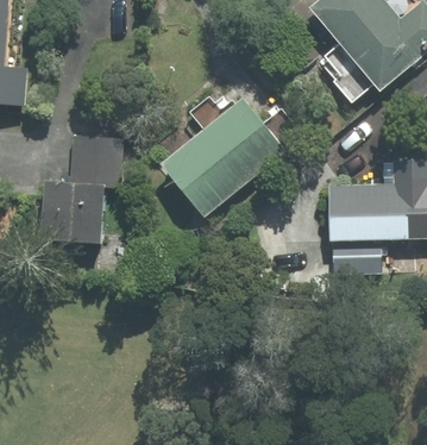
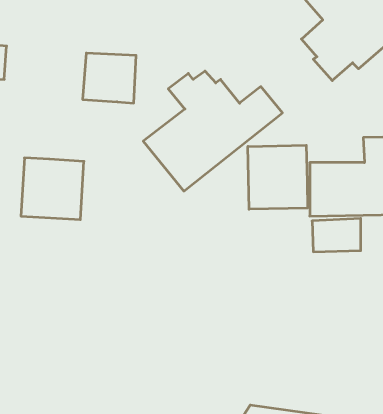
building: [69,136,123,186] -> [83,53,136,103]
building: none -> [248,145,307,209]

